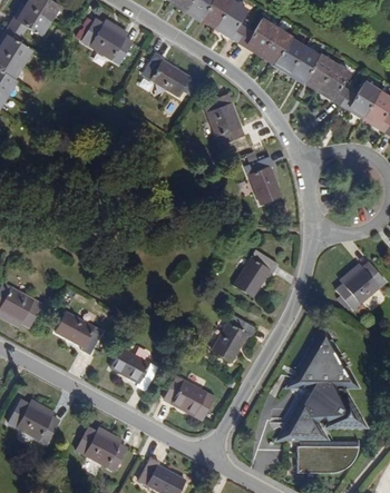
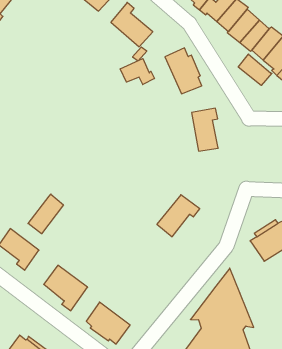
building: none -> [238,54,272,85]
building: none -> [120,59,154,85]
building: none -> [28,194,63,234]
building: [208,317,251,364] -> none

